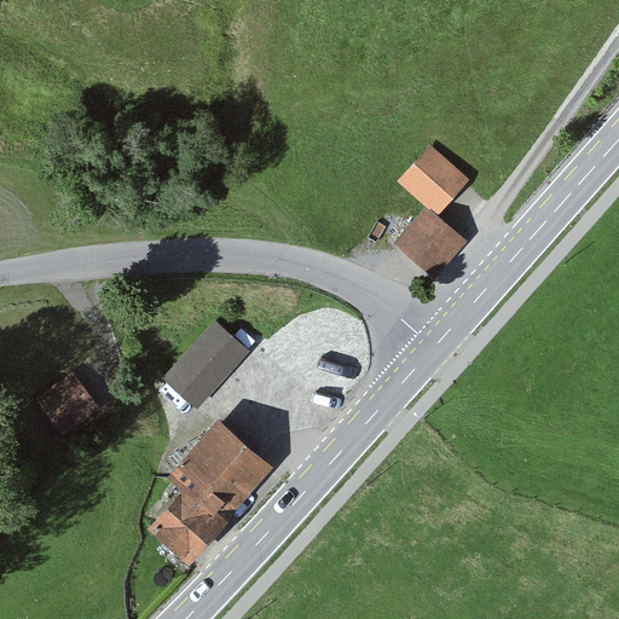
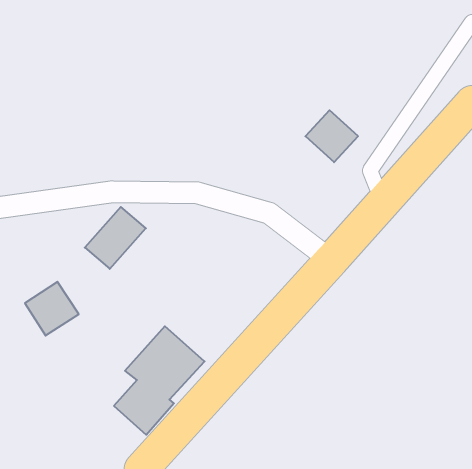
building: [395,207,462,273] -> none
building: [166,322,245,403] -> [85,207,146,269]

